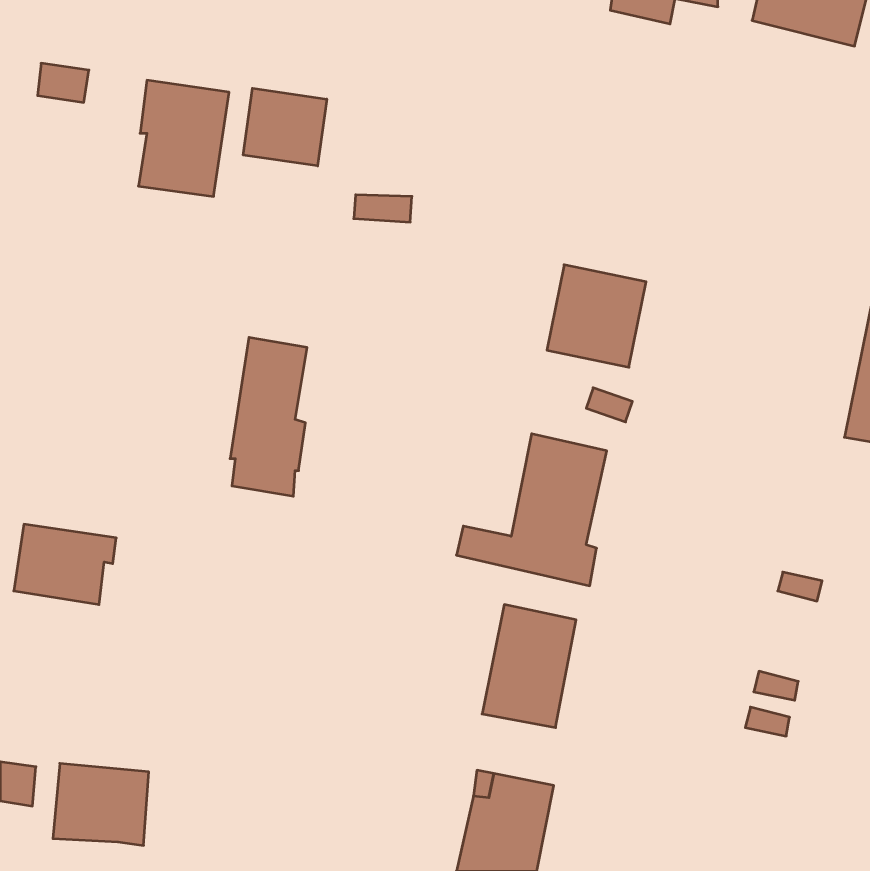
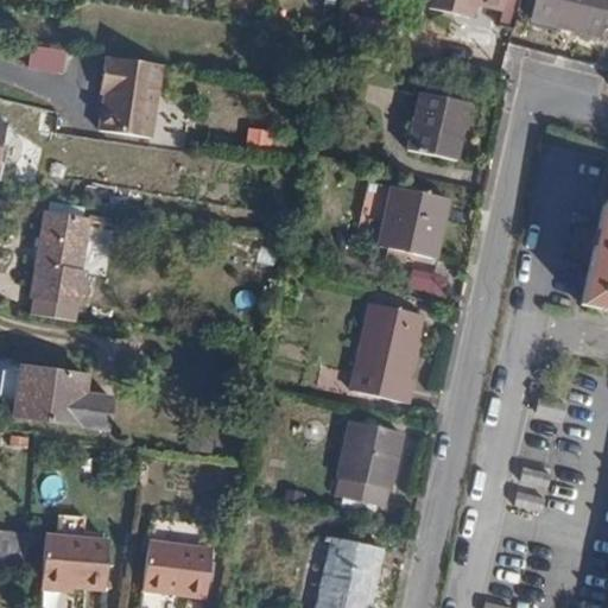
building: [243,88,327,166] -> none
building: none -> [410,93,473,160]
building: [230,337,307,496] -> [28,210,82,321]
building: none -> [71,391,110,426]
building: none -> [141,537,213,596]

